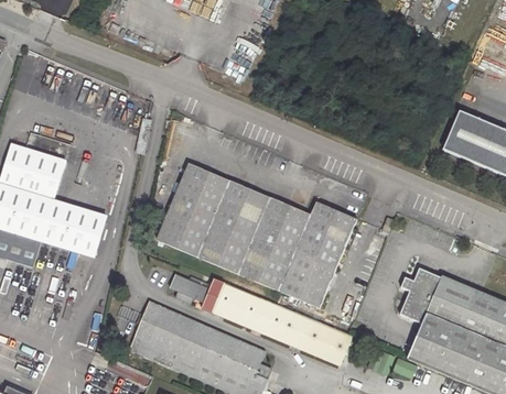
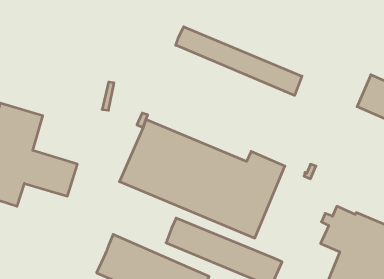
building: none -> [176,27,302,95]
building: [169,274,225,313] -> none

